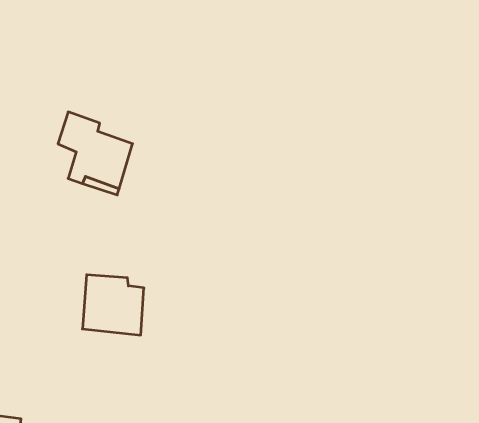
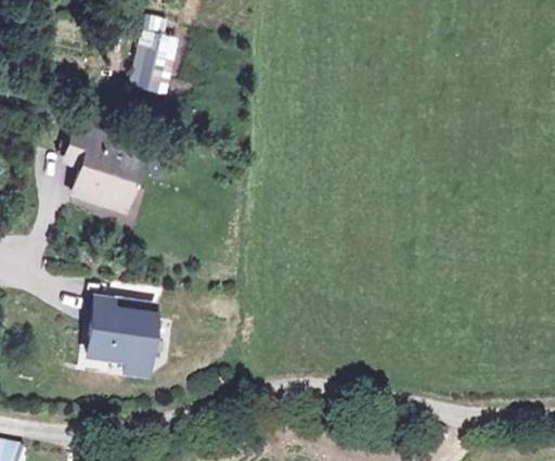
building: none -> [130,25,178,94]

